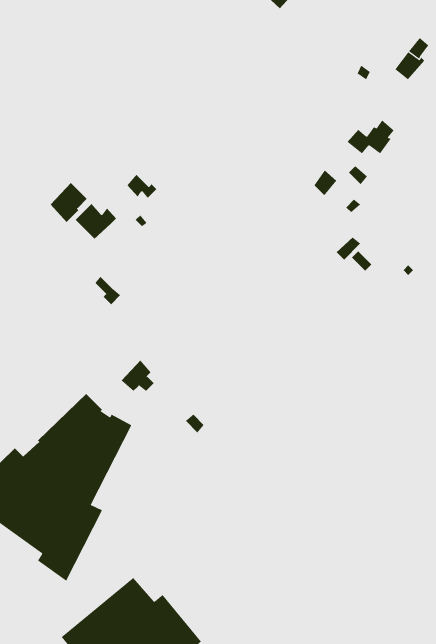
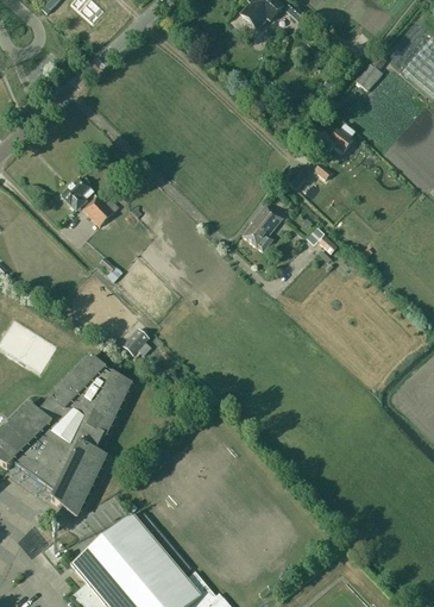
building: none -> [241,204,282,251]

